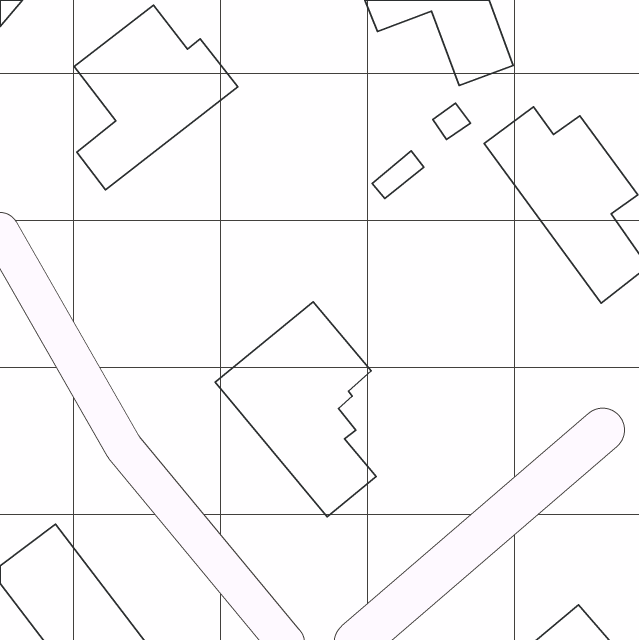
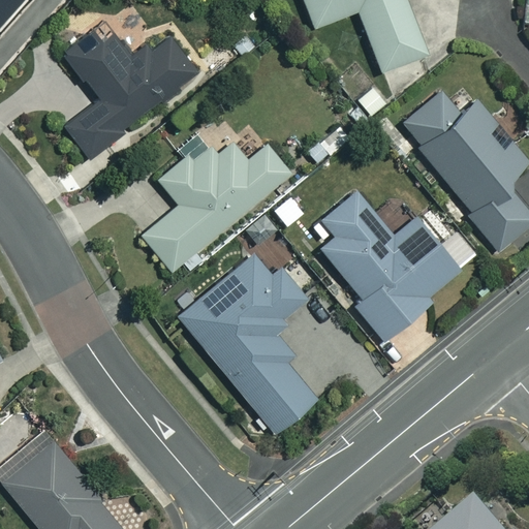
building: none -> [141,130,289,272]
building: none -> [319,191,458,340]

